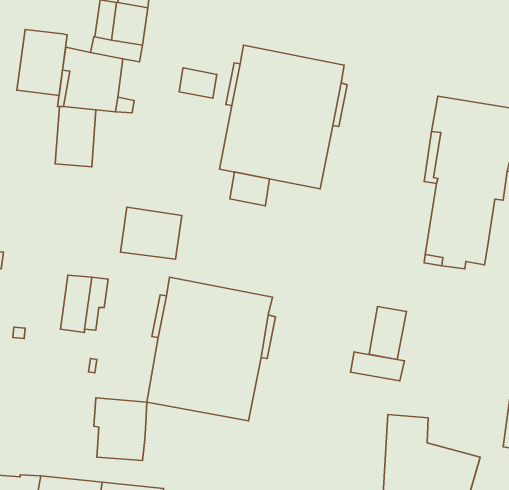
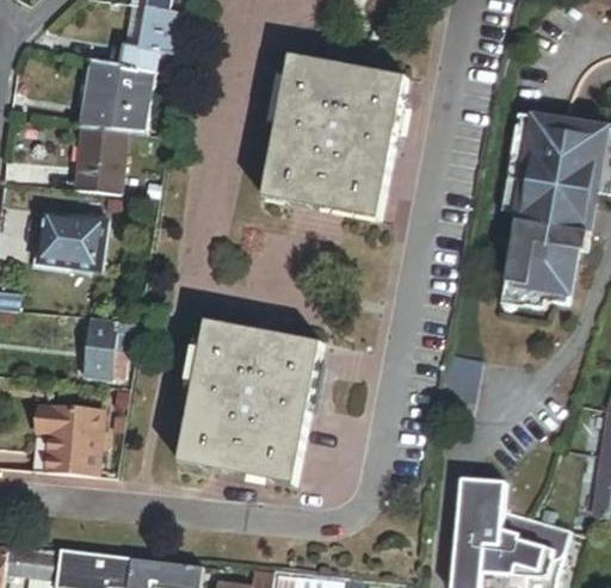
building: [17,30,67,95] -> none
building: [179,68,217,98] -> none
building: [230,172,270,206] -> none
building: [121,207,182,259] -> [36,211,106,271]
building: [350,352,404,381] -> none
building: [94,398,147,460] -> [39,403,100,475]

